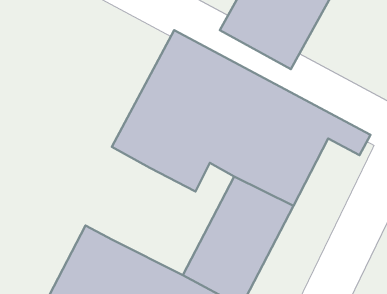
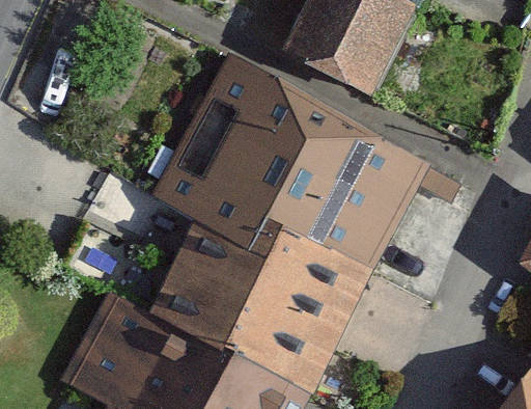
building: none -> [147,221,297,359]

